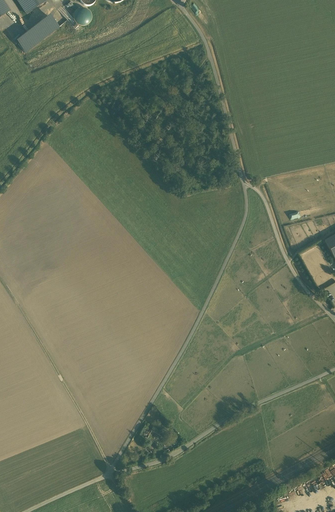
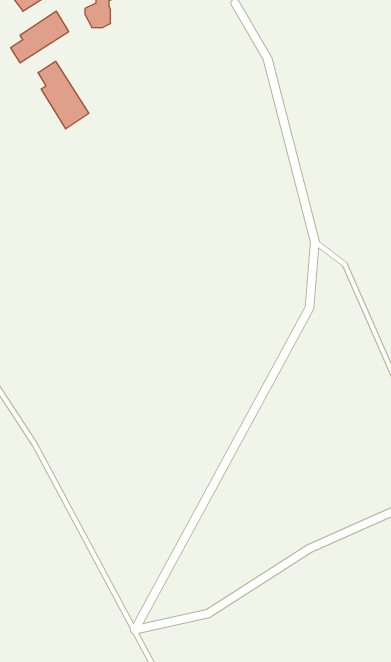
building: none -> [38,61,89,129]

